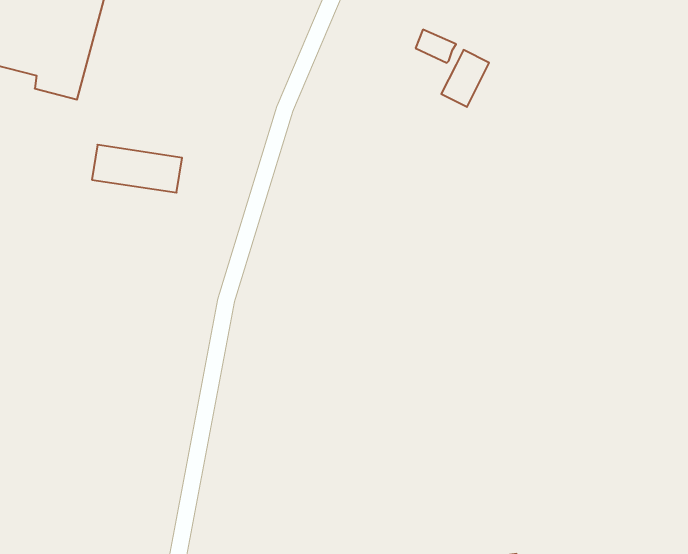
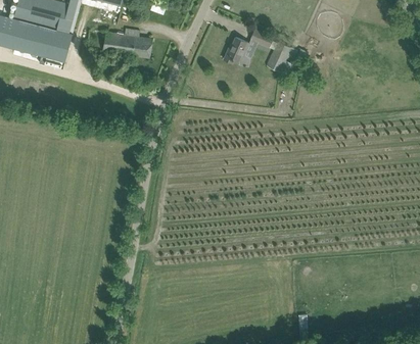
building: none -> [223,37,250,65]
building: [92,145,182,193] -> [102,32,152,58]

